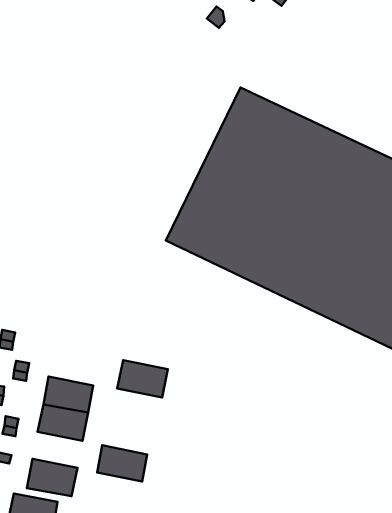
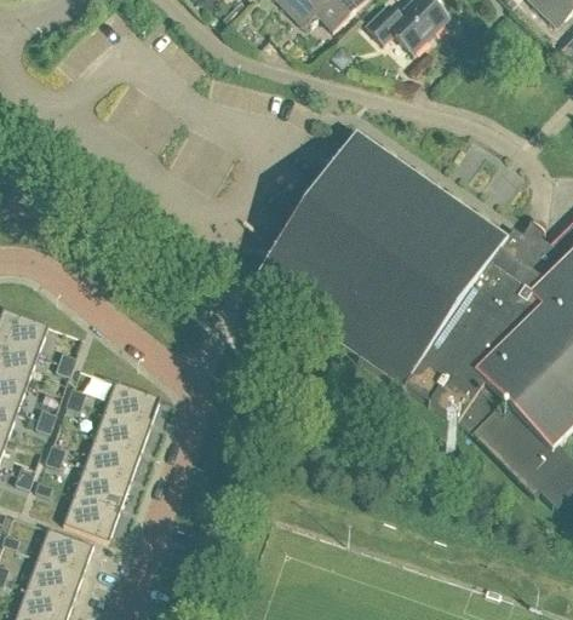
building: [117,360,168,398] -> [104,378,161,424]
building: [97,445,147,481] -> [74,464,130,509]

